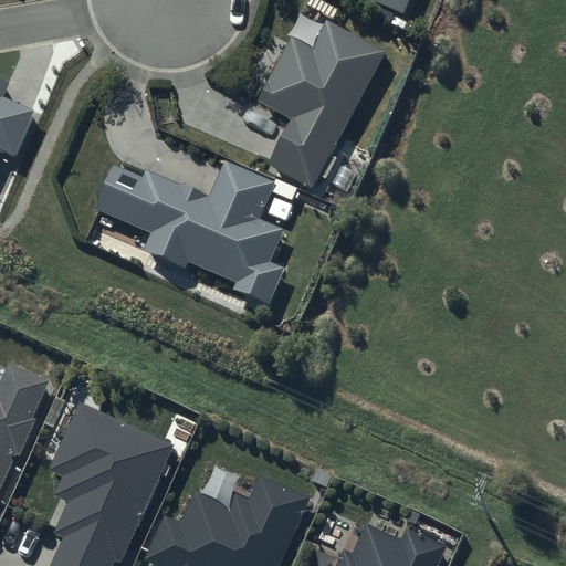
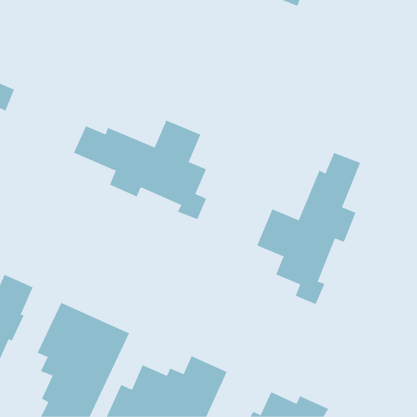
building: [260,21,381,180] -> none
building: none -> [257,152,361,305]

